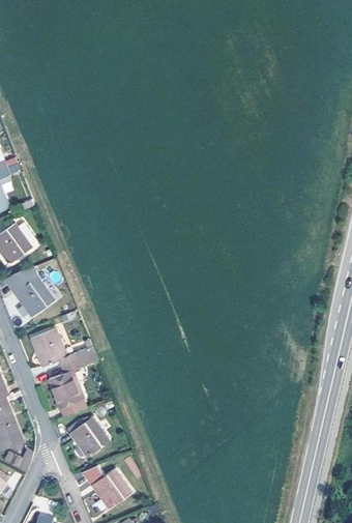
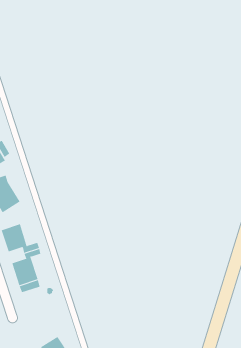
building: [69,416,110,457] -> none

